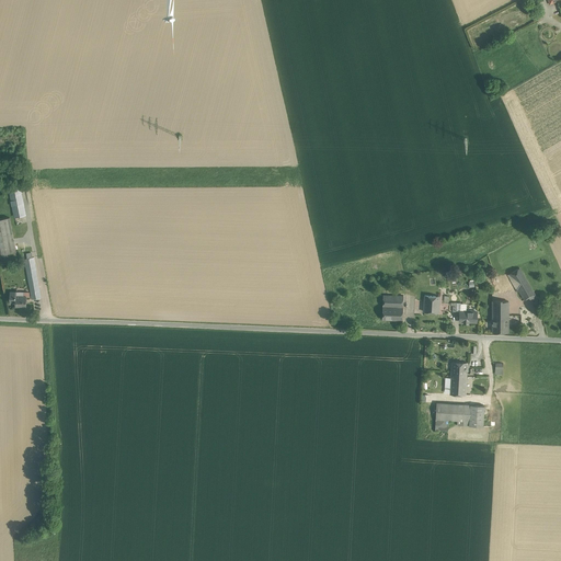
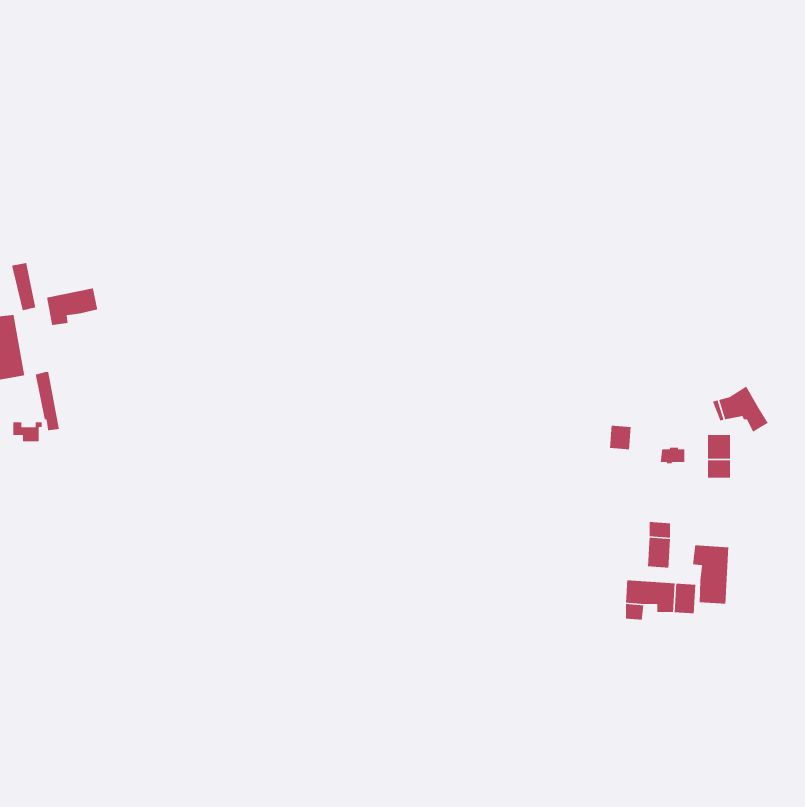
building: none -> [46,287,98,326]
building: [381,295,402,320] -> none
building: none -> [692,544,729,604]

